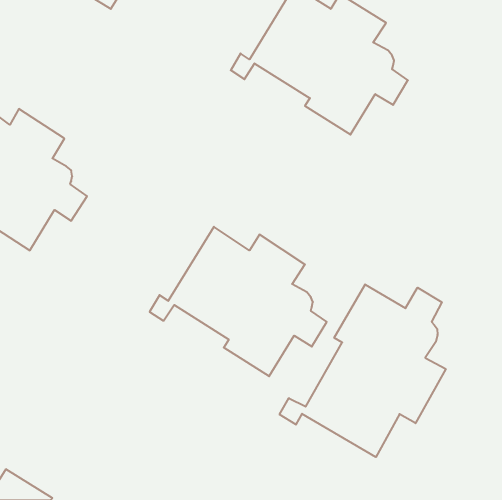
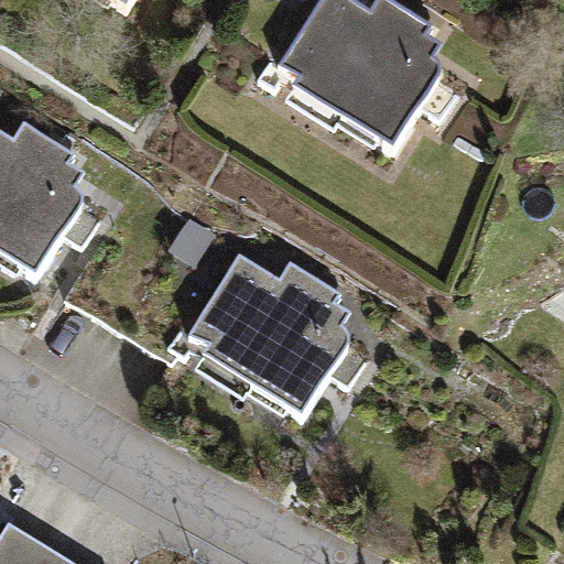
building: [280,284,446,457] -> none

